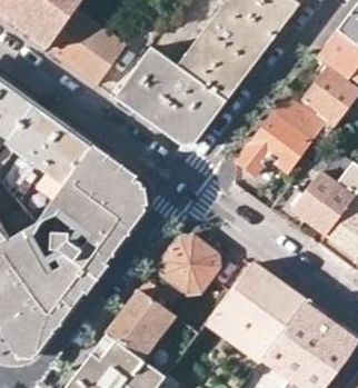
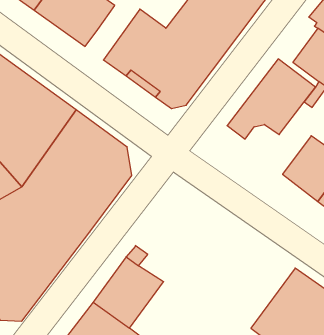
building: [160,235,219,294] -> none
building: [206,262,304,360] -> none

